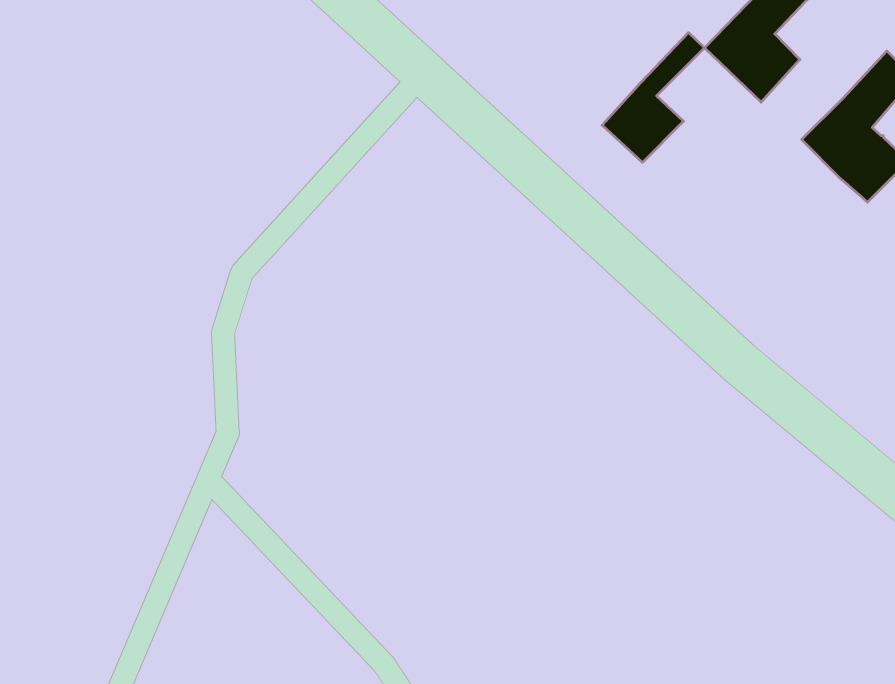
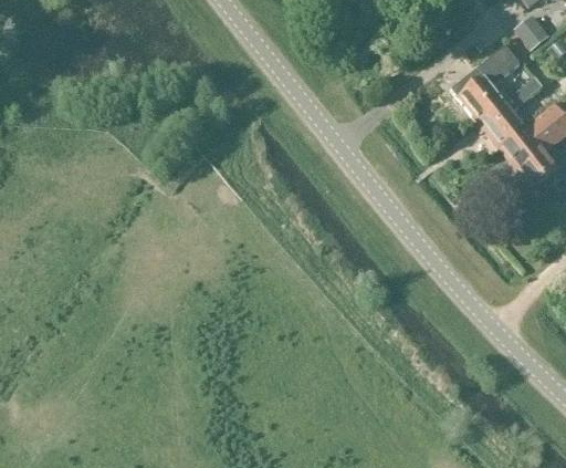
building: [602,33,704,162] -> [481,77,545,147]

